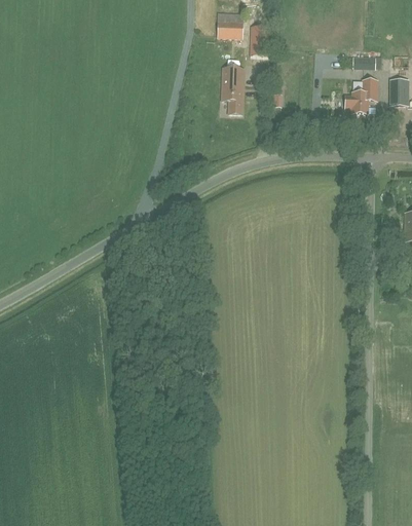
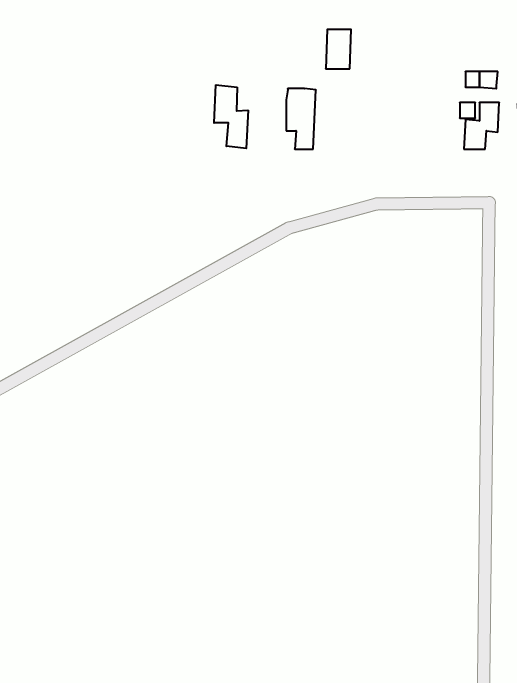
building: [217,20,242,37] -> none
building: none -> [214,85,248,148]

